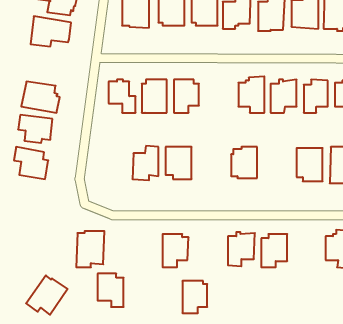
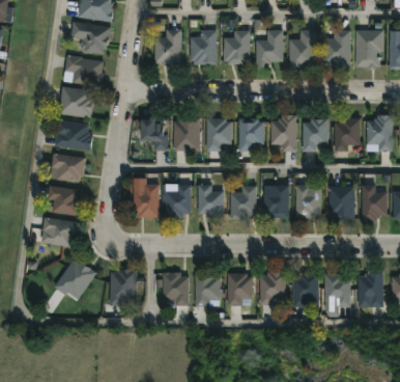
building: none -> [58,85,94,120]
building: none -> [238,117,264,151]
building: none -> [134,184,159,217]
building: none -> [295,185,321,218]
building: none -> [231,186,256,217]
building: none -> [41,217,80,247]
building: none -> [323,272,350,305]
building: [98,274,124,307] -> [163,271,189,304]
building: [26,275,68,315] -> [54,258,95,298]
building: [182,281,207,313] -> [227,272,252,304]

